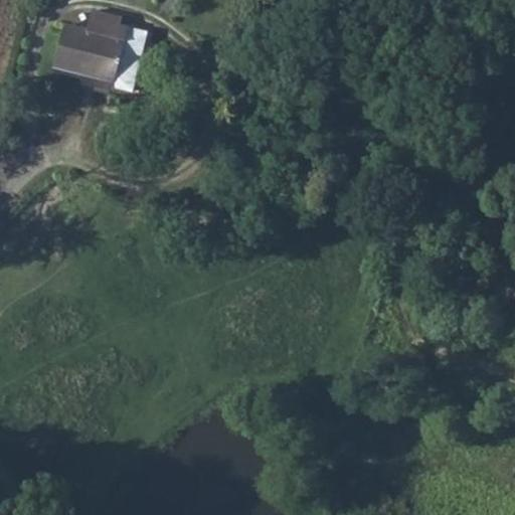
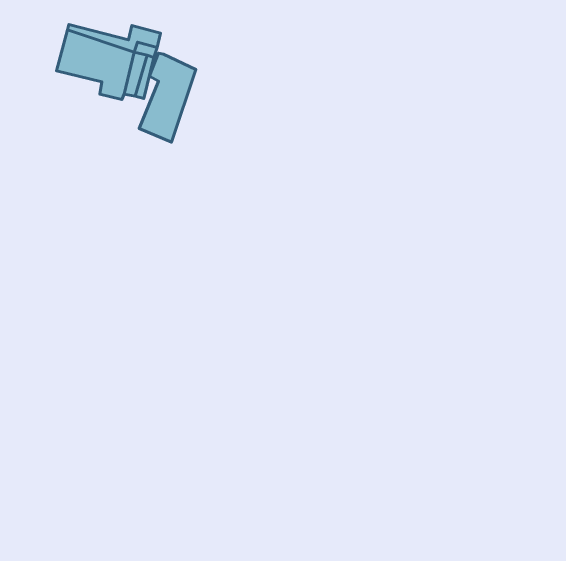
building: none -> [139,53,196,142]

